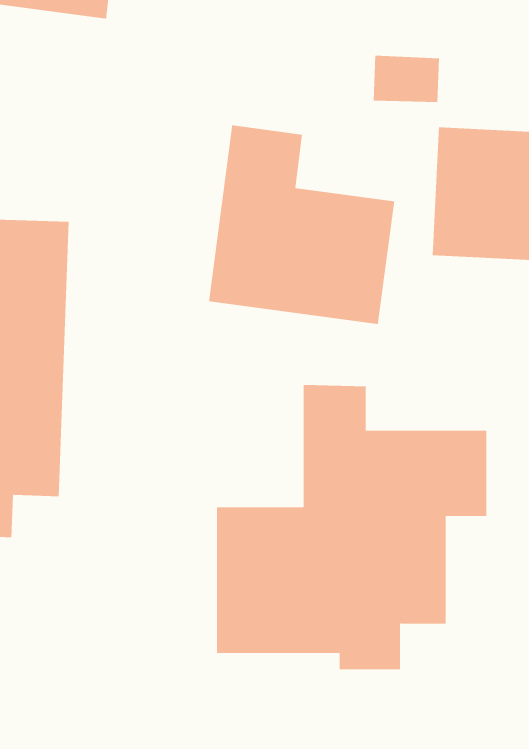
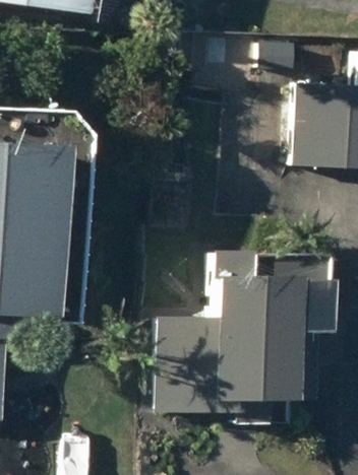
building: [208,124,395,325] -> none

